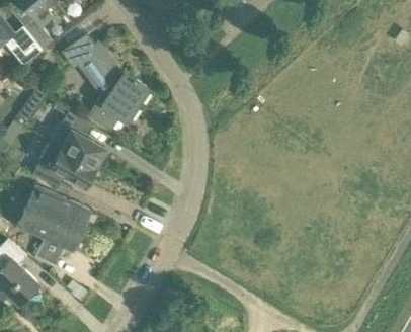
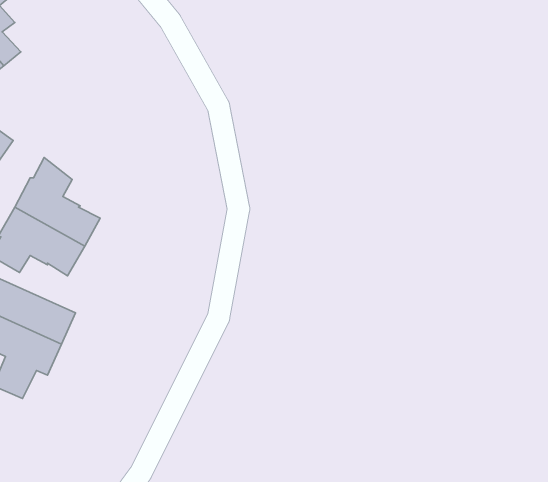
building: [63,34,147,128] -> none

